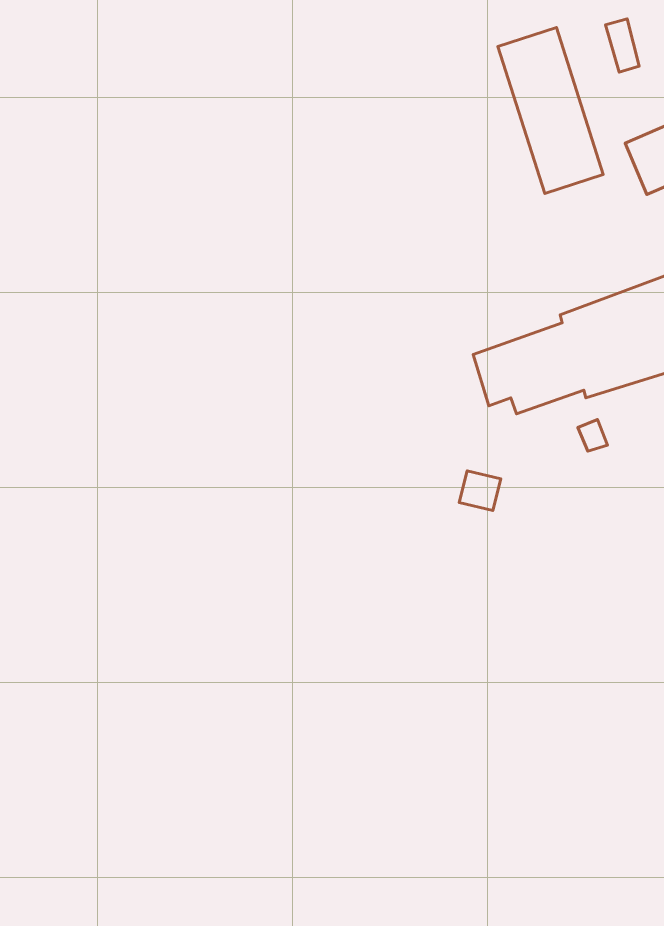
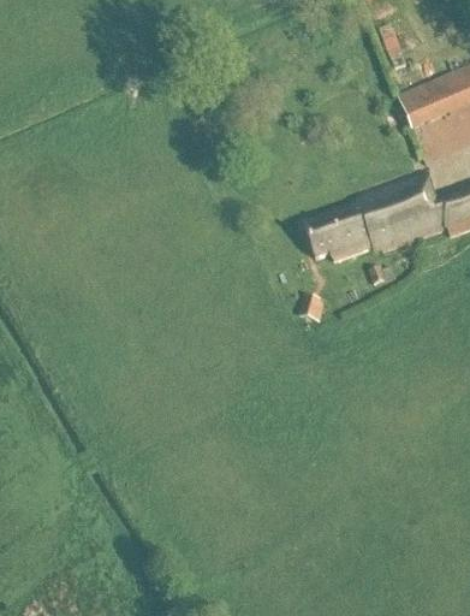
building: [498,28,603,193] -> none

